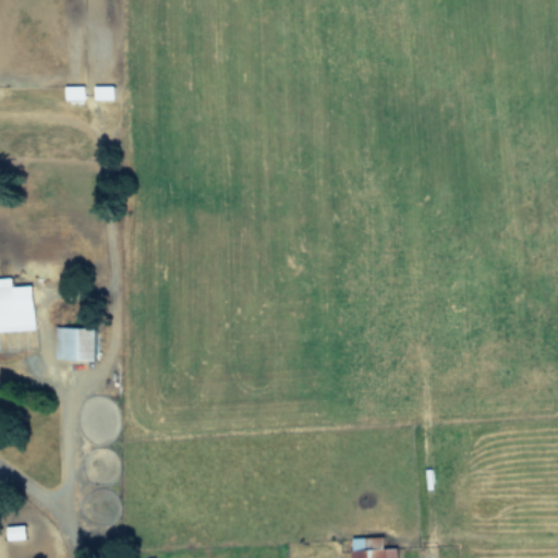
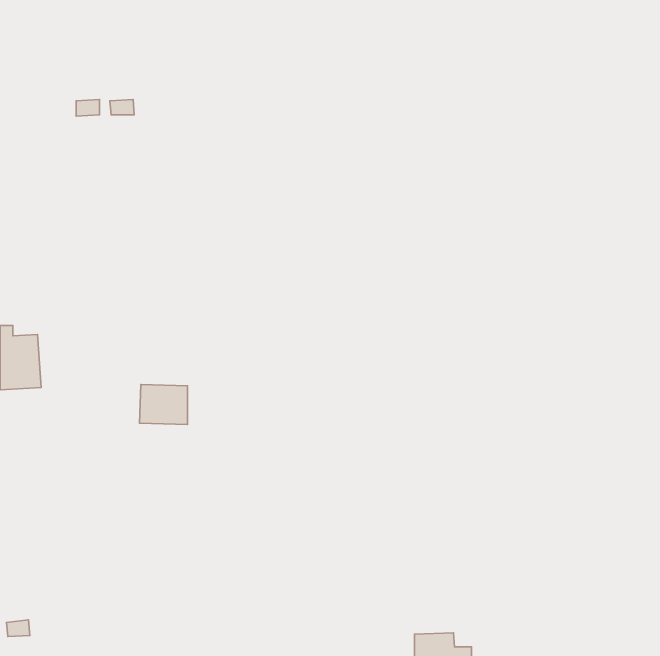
building: [54,327,95,361] -> [140,384,187,425]

